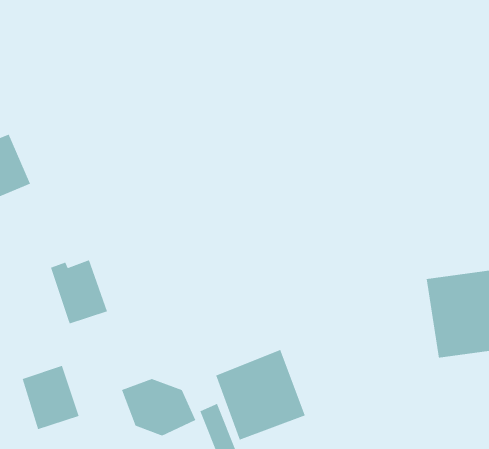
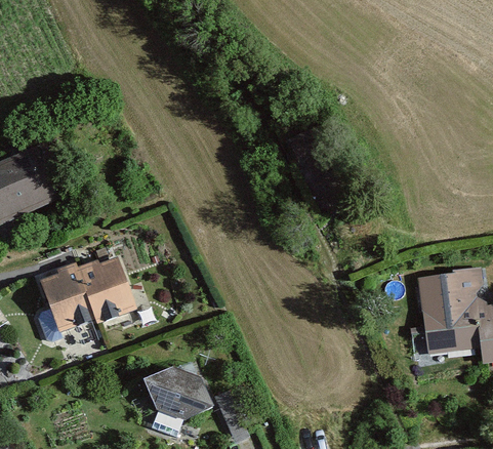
building: [215,349,305,441] -> none
building: [22,365,79,430] -> [42,268,94,326]

